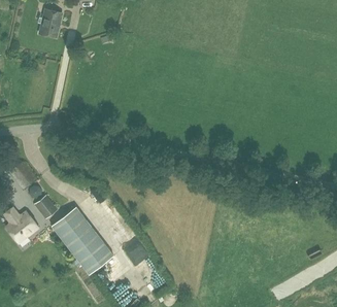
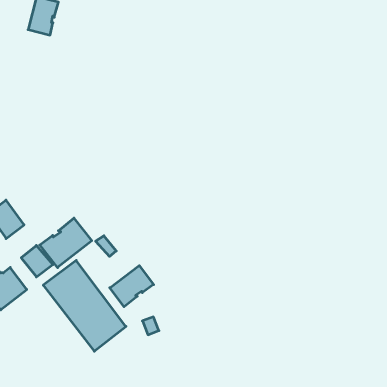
building: none -> [40,218,92,268]
building: none -> [110,266,154,307]

